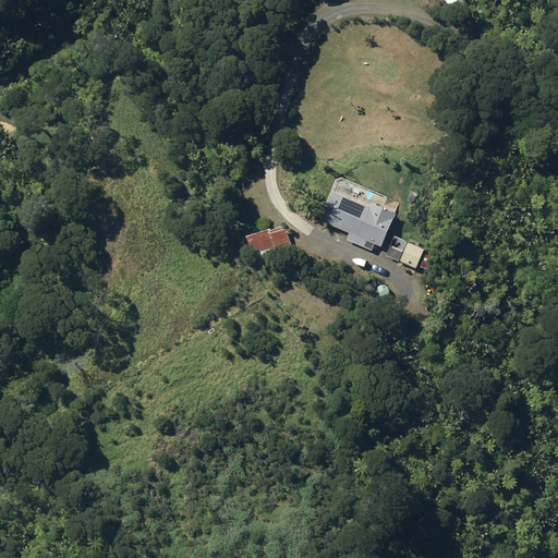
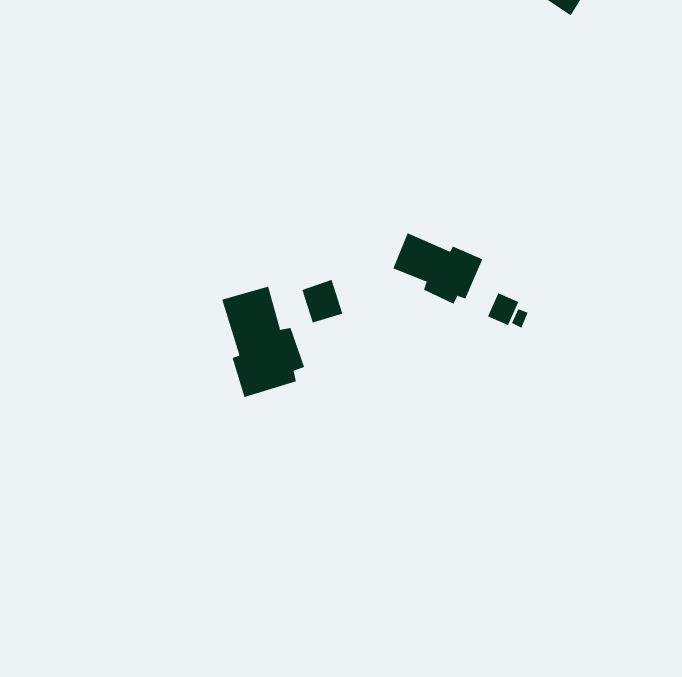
building: none -> [221,286,305,398]

